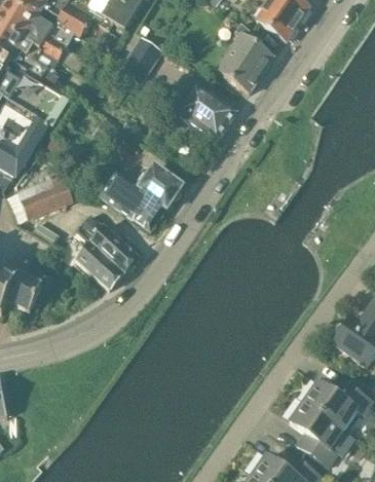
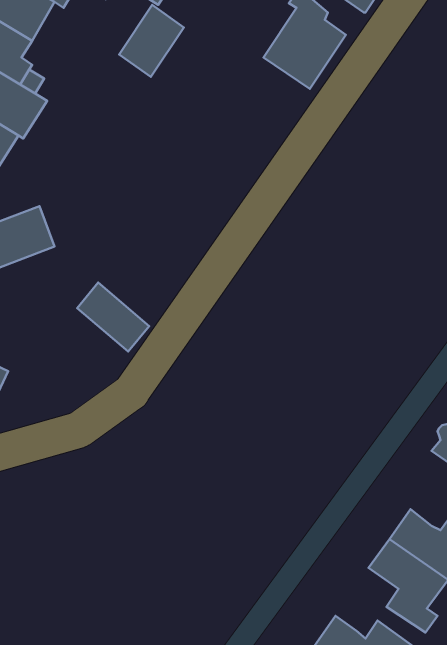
building: [179,85,236,139] -> none
building: [99,164,182,231] -> none
building: [75,242,124,288] -> none

